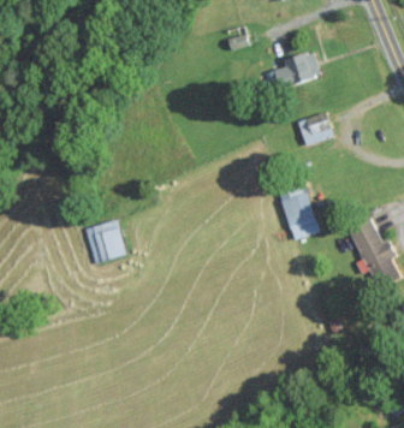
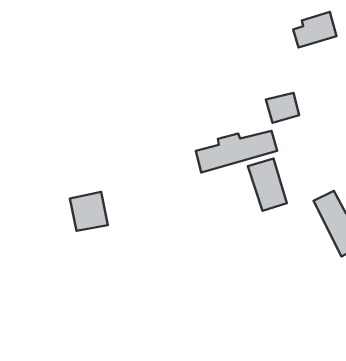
building: [272,50,319,89] -> [293,12,336,47]
building: none -> [196,131,277,172]

